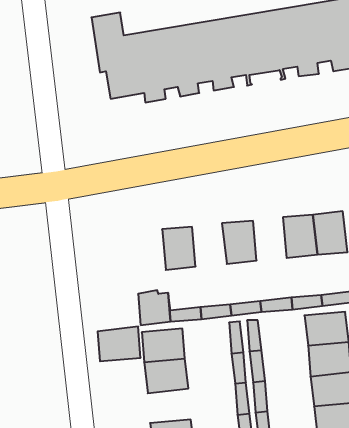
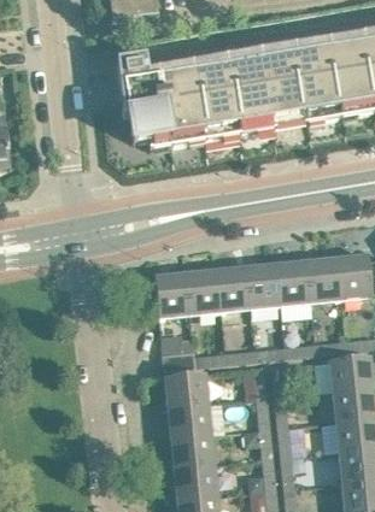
building: none -> [276,261,310,305]
building: none -> [215,267,250,311]
building: none -> [153,273,188,318]
building: [98,327,141,361] -> [170,434,213,469]

